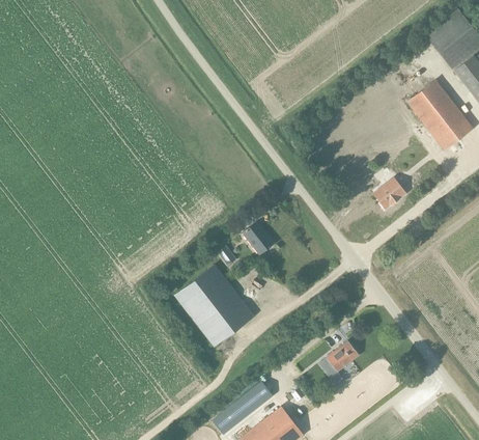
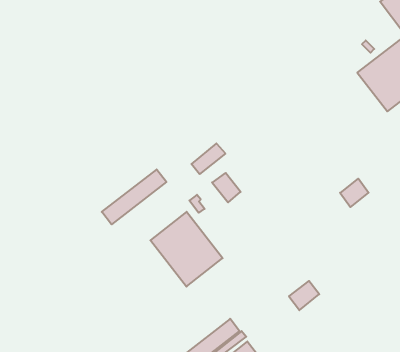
building: [373,176,404,208] -> [340,179,369,207]
building: none -> [191,143,225,174]
building: none -> [102,169,166,224]

